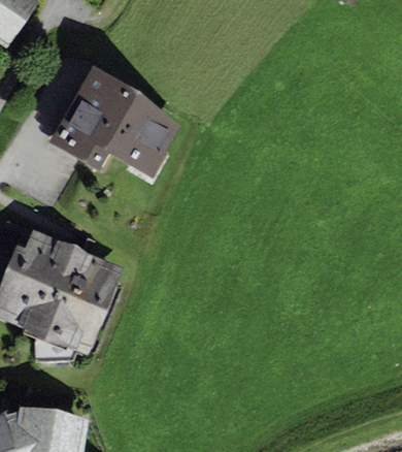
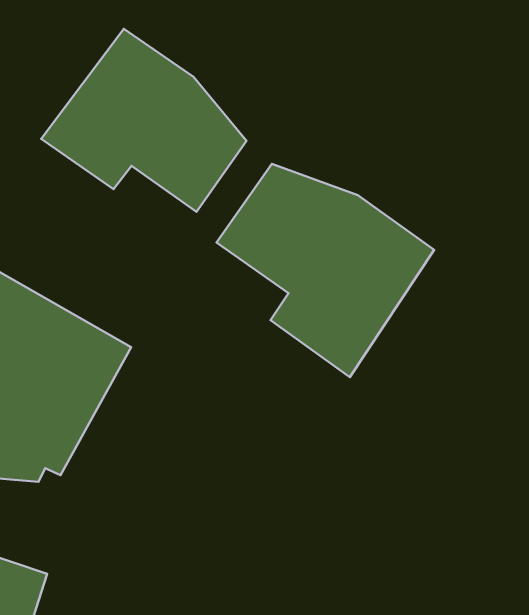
building: none -> [217,164,434,377]

